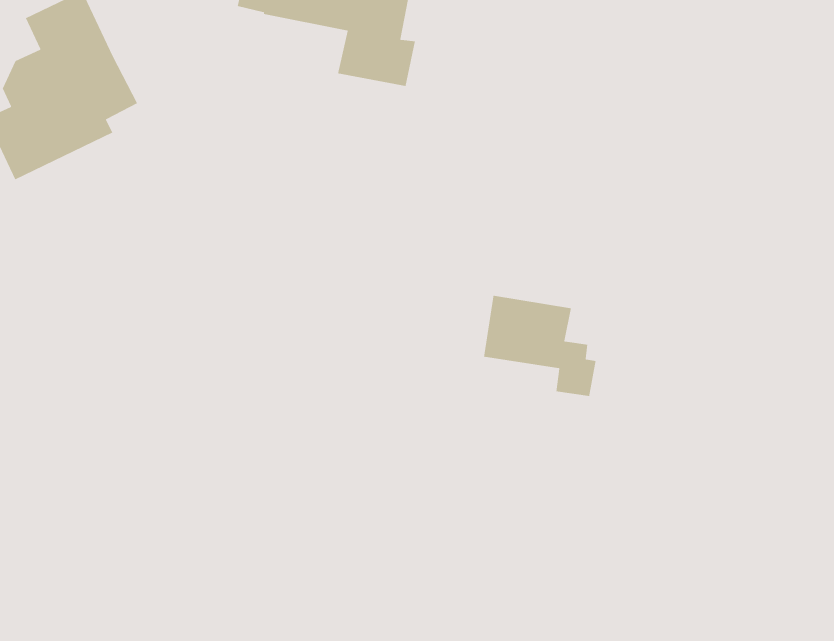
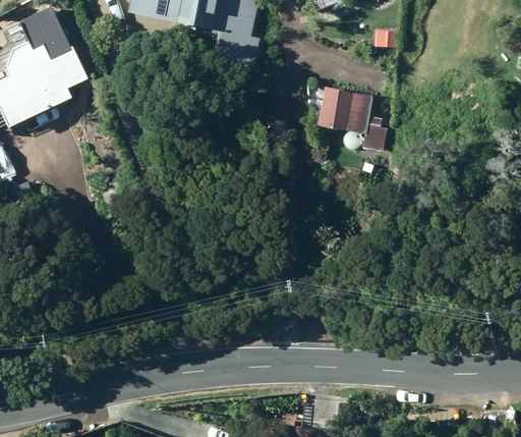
building: [483,295,596,397] -> [315,88,386,151]

